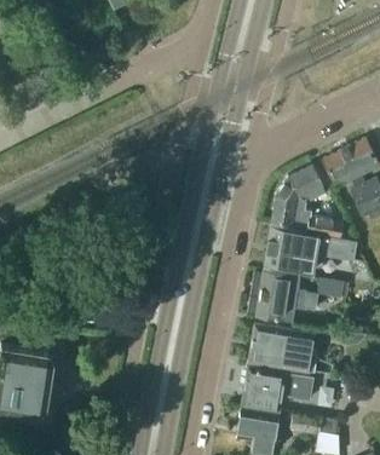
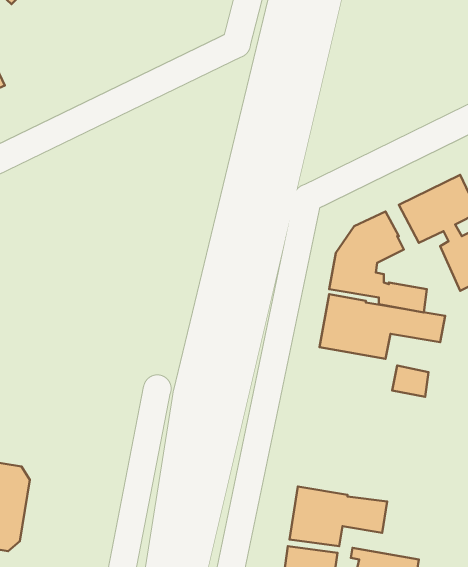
building: [257,271,306,324] -> none
building: [249,326,317,374] -> none

